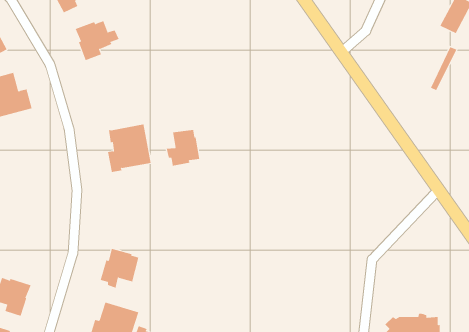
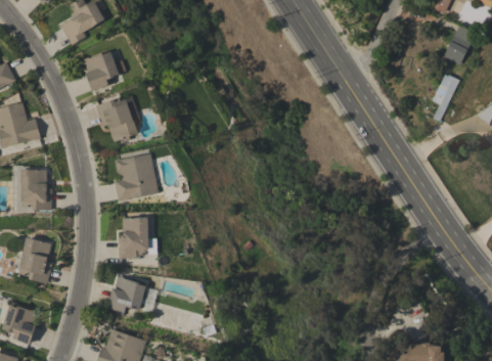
building: none -> [96,98,139,142]
building: [166,129,200,166] -> none
building: none -> [21,169,52,210]
building: none -> [119,217,150,259]
building: none -> [13,237,53,283]

